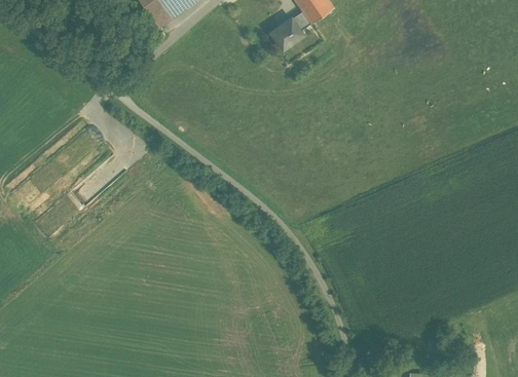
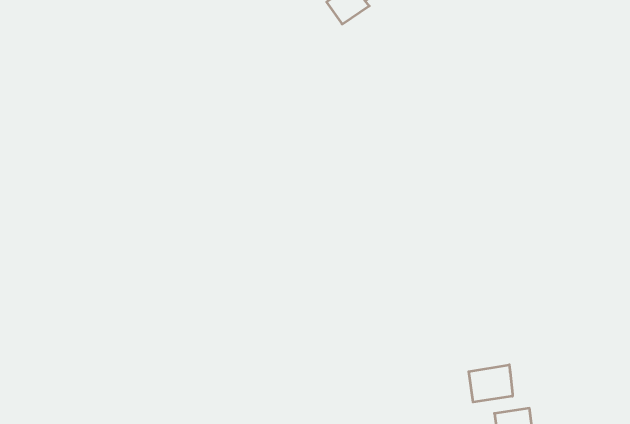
building: none -> [469,365,513,402]

